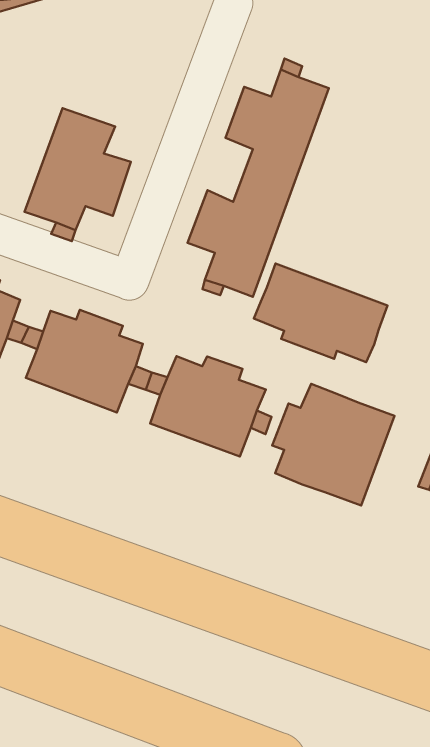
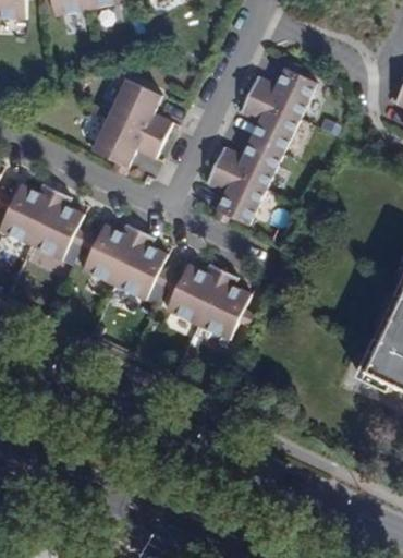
building: [254,264,387,362] -> none
building: [272,384,395,505] -> none

